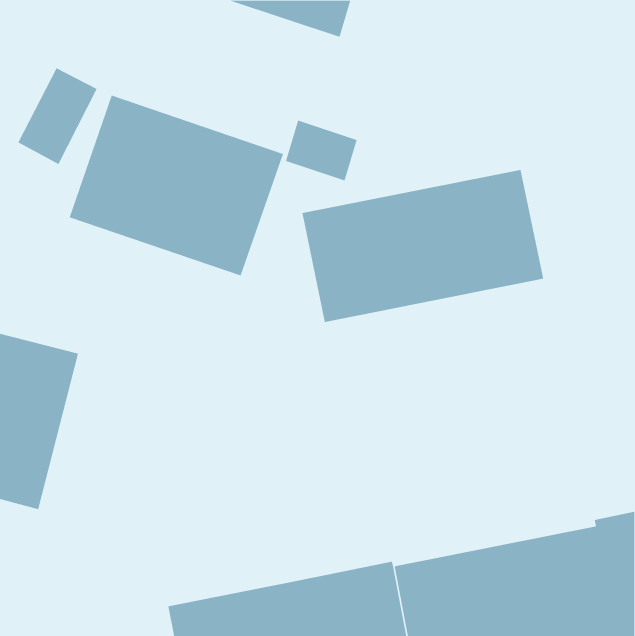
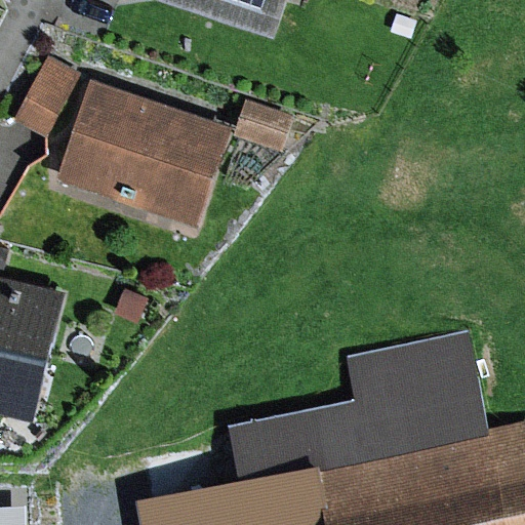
building: [302,169,544,323] -> none
building: none -> [231,333,488,479]

